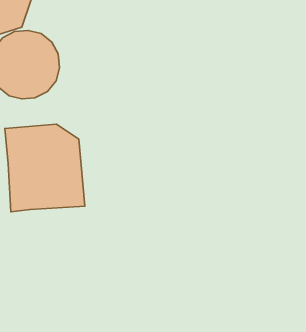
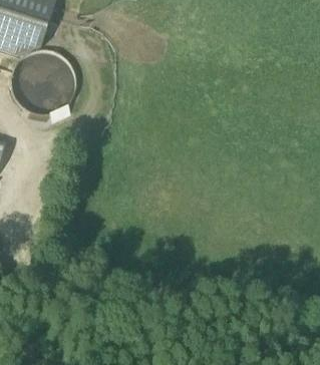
building: [5,124,85,212] -> none

